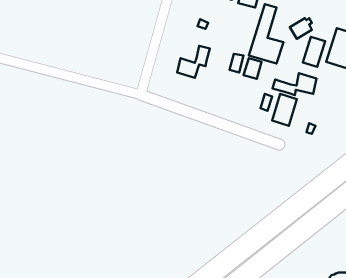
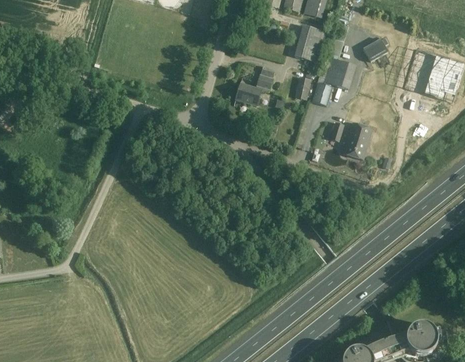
building: none -> [292,23,325,61]
building: [303,37,325,67] -> none
building: [273,73,317,95] -> none

